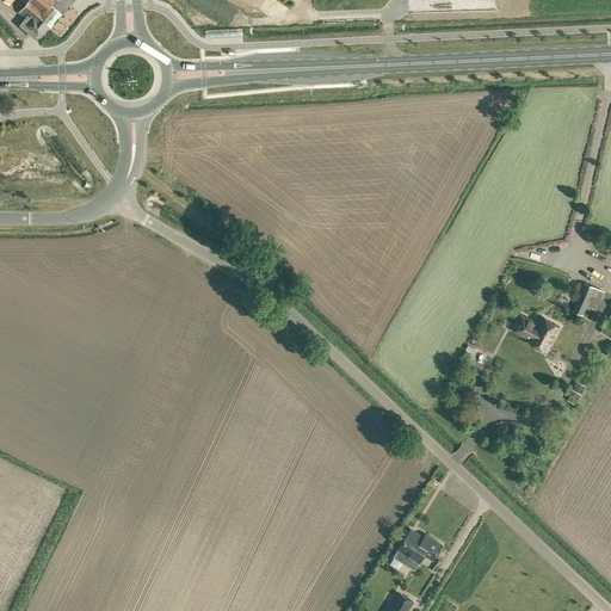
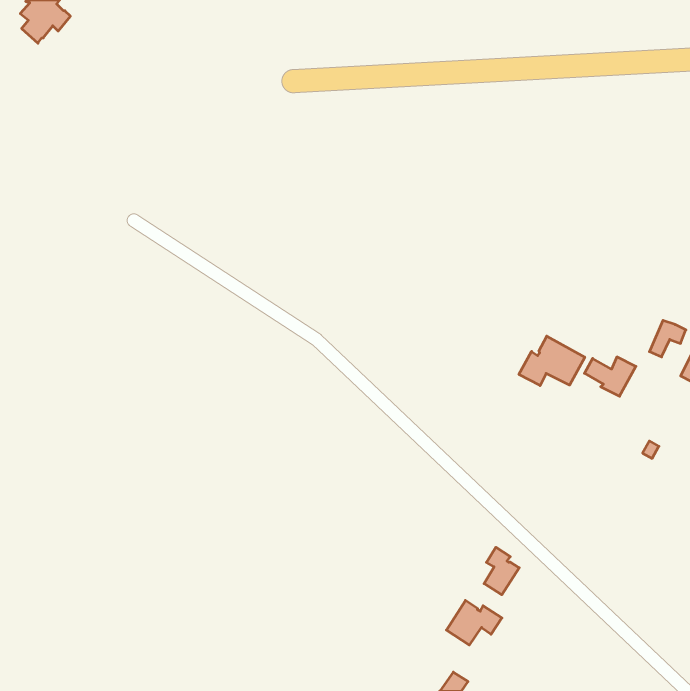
building: none -> [519,336,585,386]
building: none -> [484,547,519,595]

